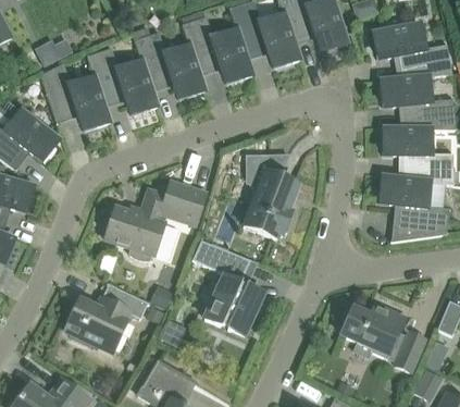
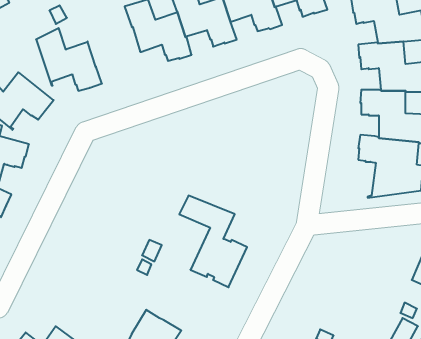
building: [87,47,158,113] -> none
building: [244,155,298,238] -> none
building: [104,182,206,260] -> none
building: [65,283,149,352] -> none
building: [339,304,424,371] -> none

